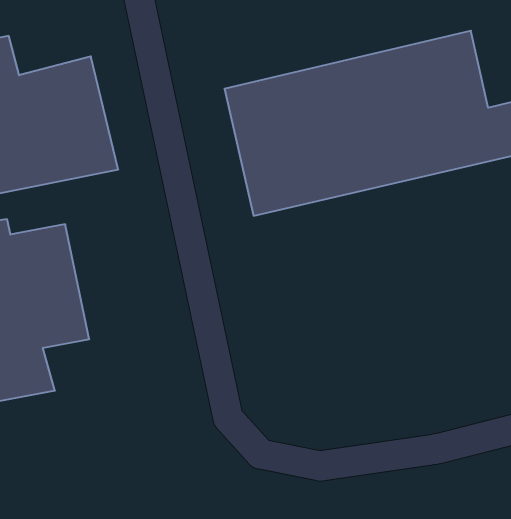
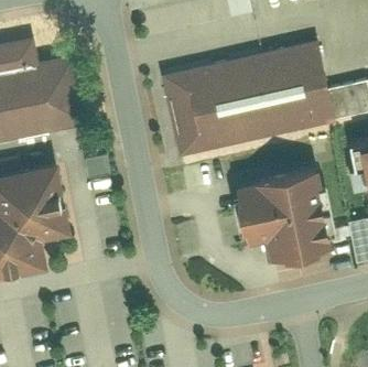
building: none -> [237,169,339,267]

